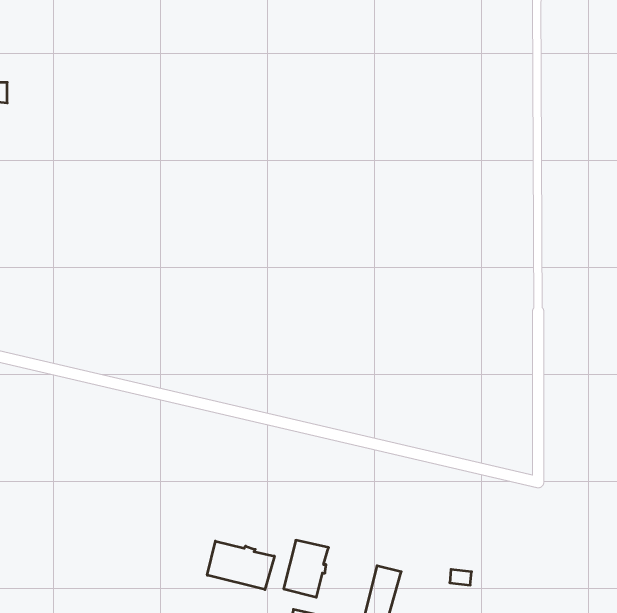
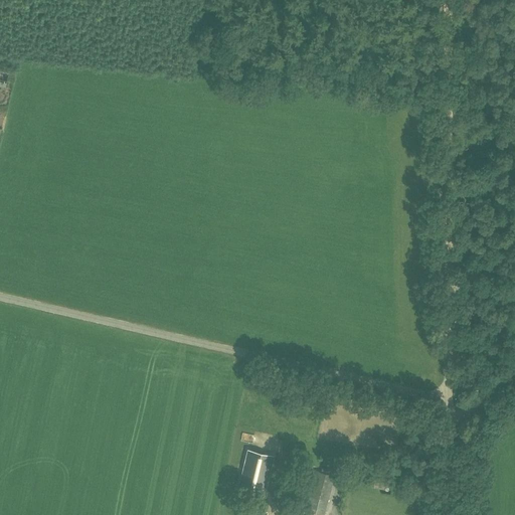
building: [207,541,274,590] -> none

